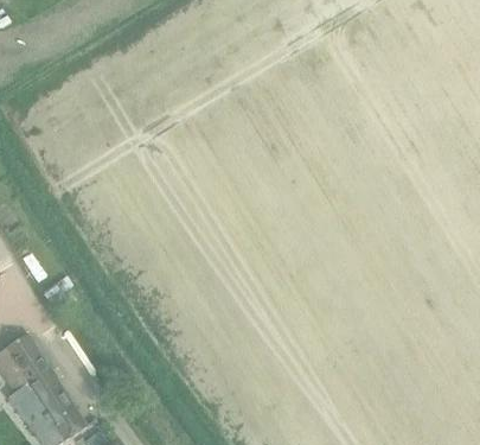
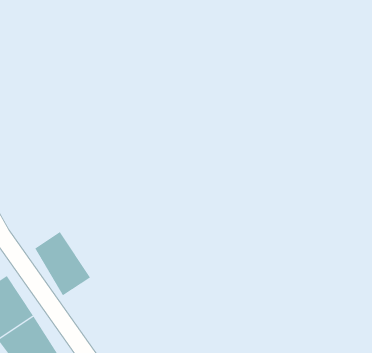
building: none -> [34,231,91,296]

